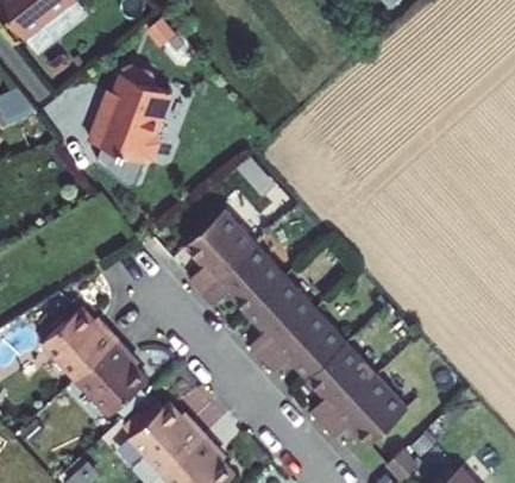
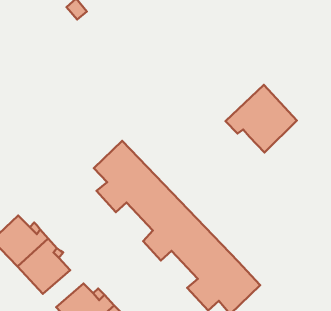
building: [92,77,171,164] -> none
building: none -> [226,85,297,153]

